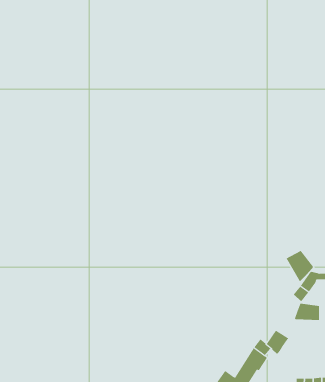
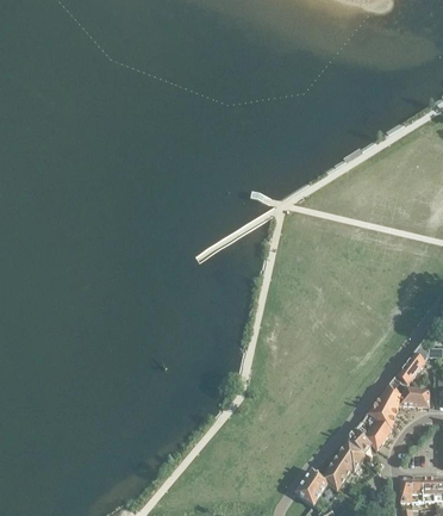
building: [286,250,314,282] -> none
building: none -> [368,386,401,430]

